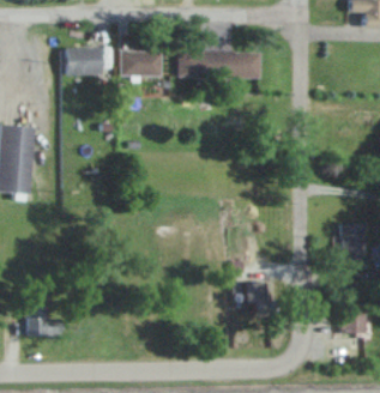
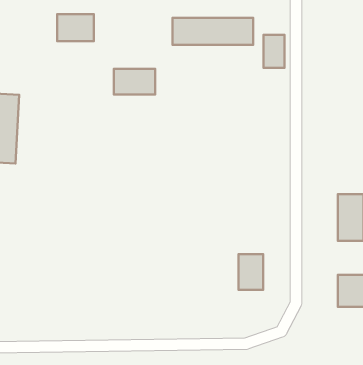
building: [122,50,163,75] -> [114,69,155,94]
building: none -> [264,35,285,68]
building: [23,307,58,337] -> none

